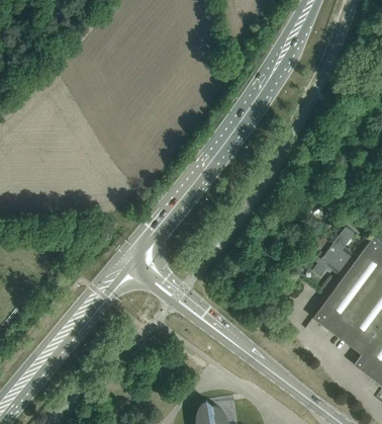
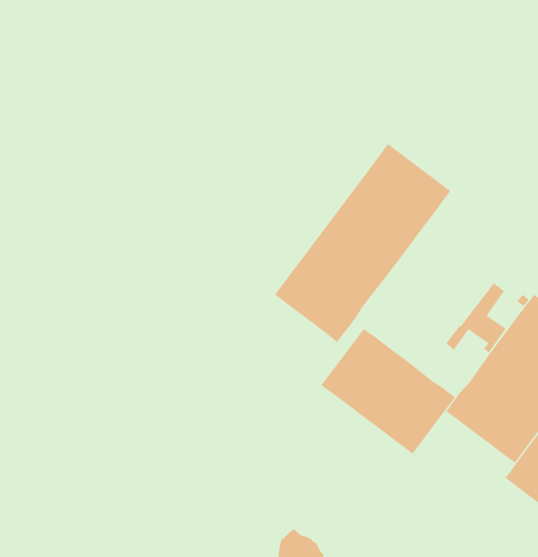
building: none -> [274,143,451,343]
building: none -> [320,328,456,455]

